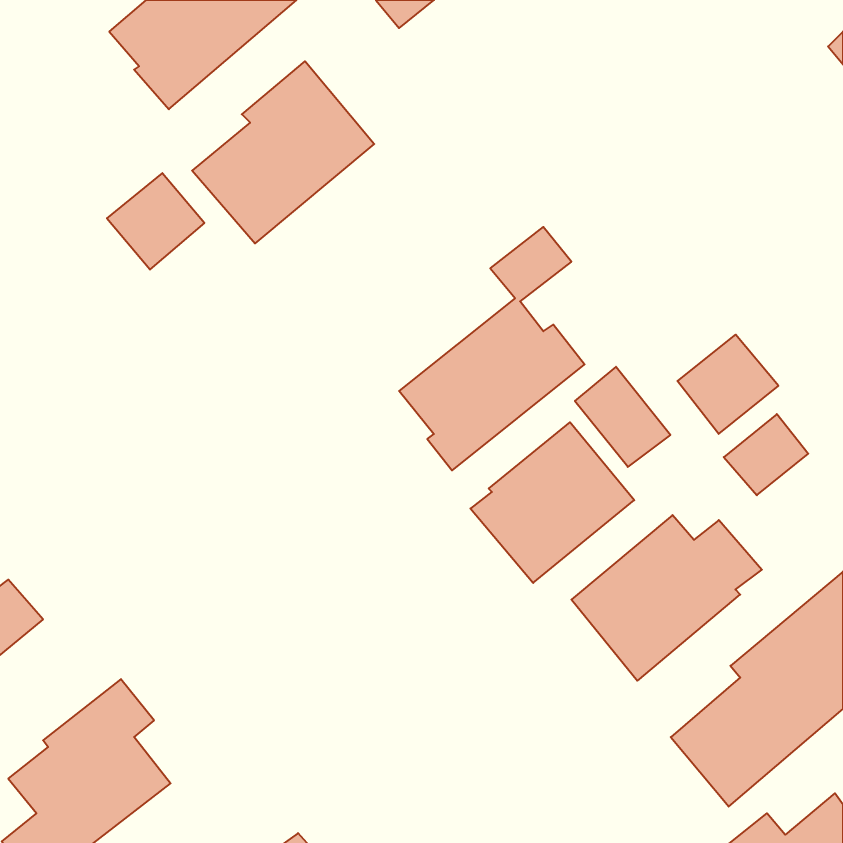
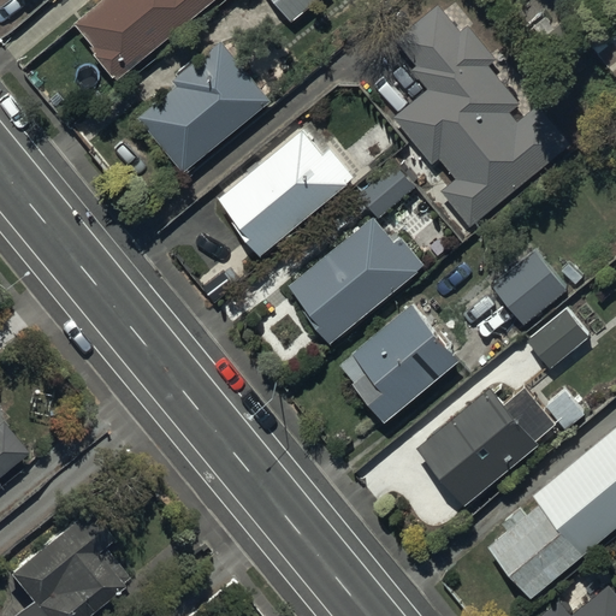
building: none -> [393,12,584,233]
building: [107,173,204,270] -> none
building: none -> [219,130,356,260]
building: [575,367,670,467] -> none

